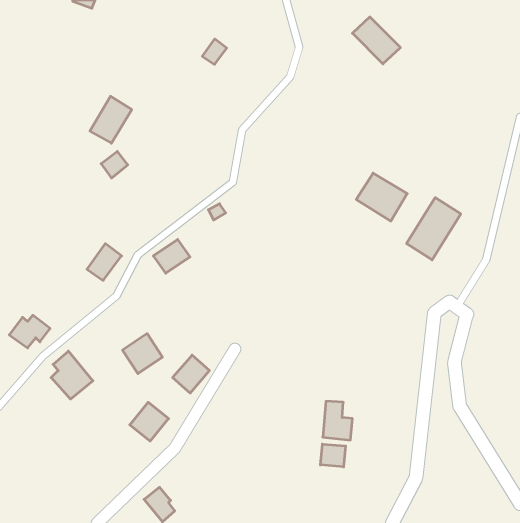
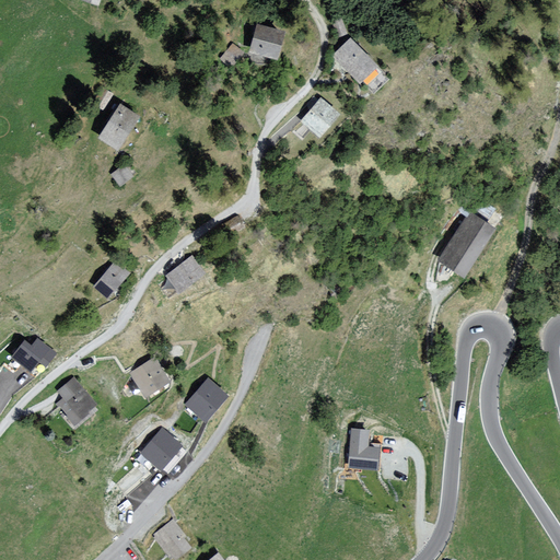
building: [352,17,400,64] -> [332,38,384,89]
building: none -> [248,23,291,62]
building: none -> [299,96,338,137]
building: [356,173,407,221] -> none
building: [320,444,346,467] -> none

